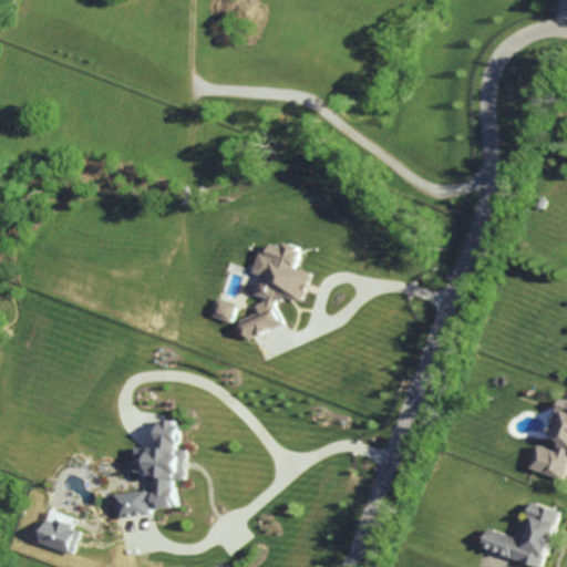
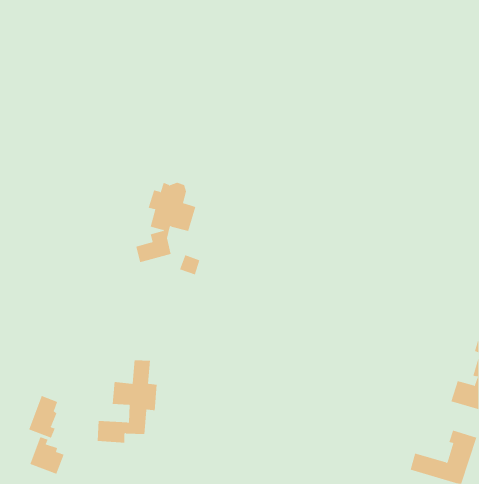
building: [237,243,308,337] -> [136,182,196,263]
building: none -> [28,395,58,439]

